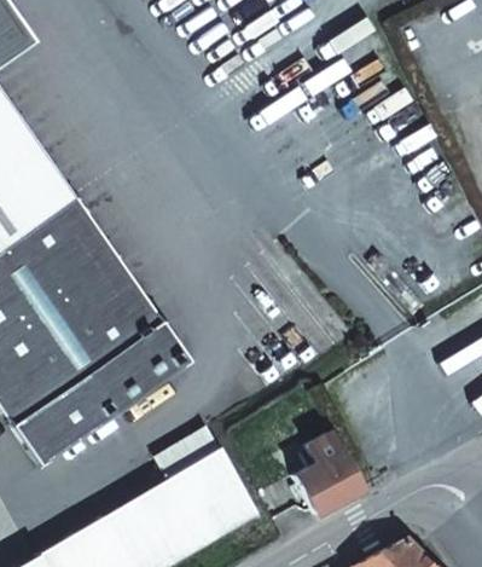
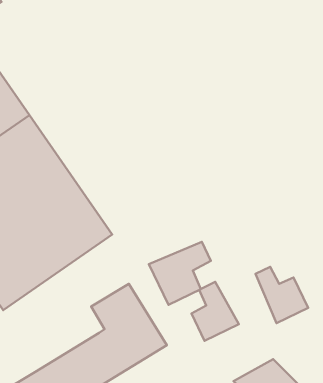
building: none -> [149,242,211,305]
building: none -> [255,267,308,323]

